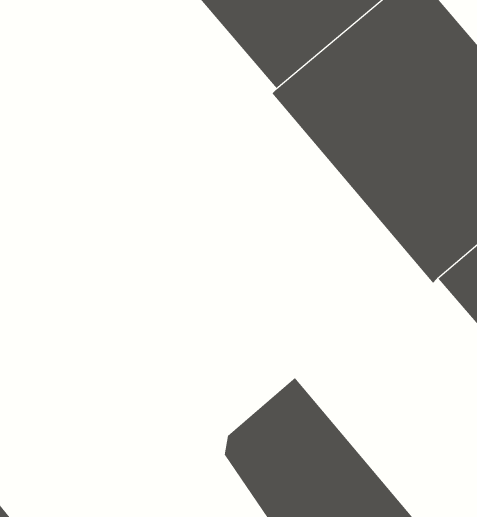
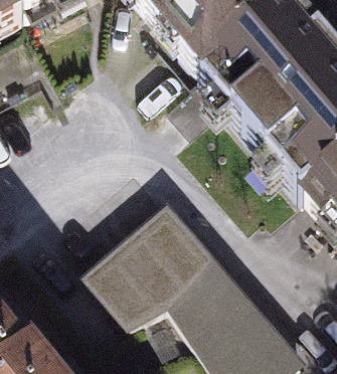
building: none -> [96,202,221,324]

